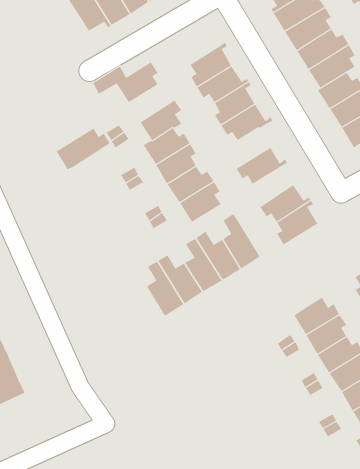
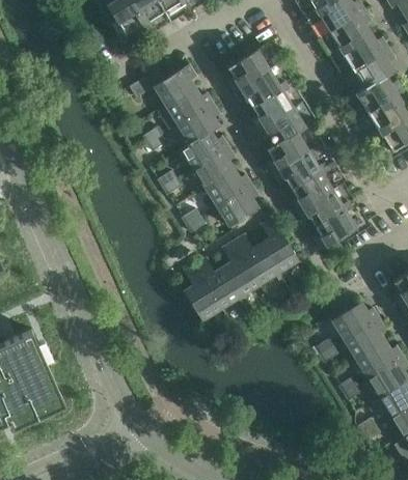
building: none -> [267,131,309,172]
building: [56,128,110,170] -> [158,87,213,130]
building: none -> [291,166,332,210]

